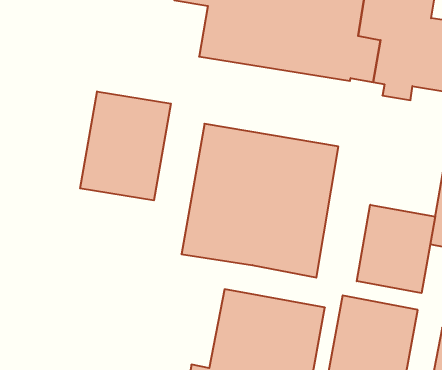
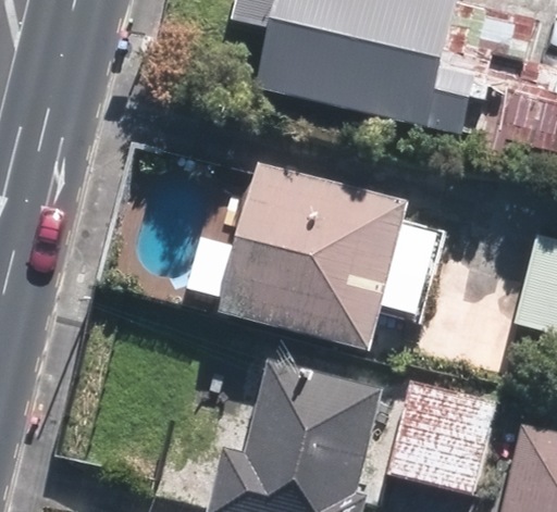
building: [80,91,171,200] -> none
building: [357,205,435,293] -> none

